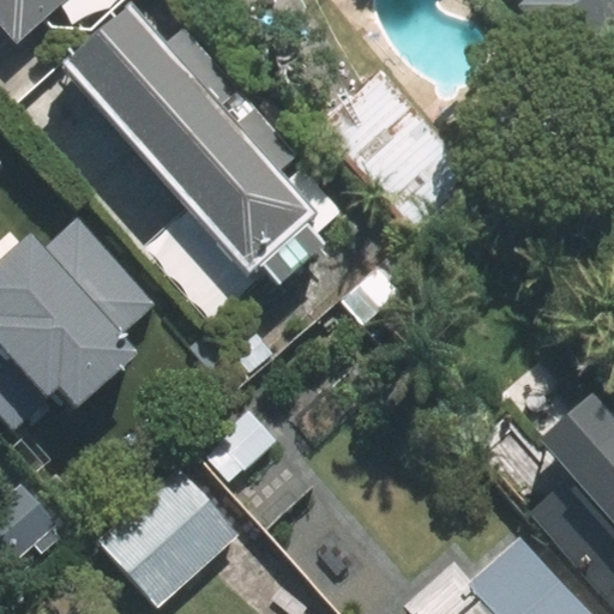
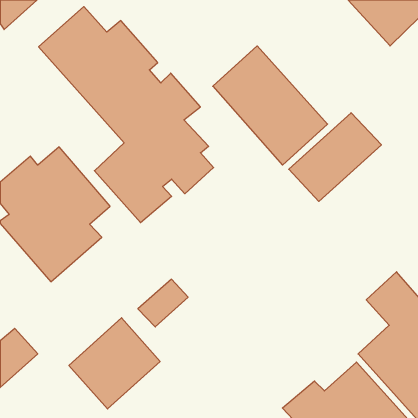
building: none -> [289,113,381,201]

